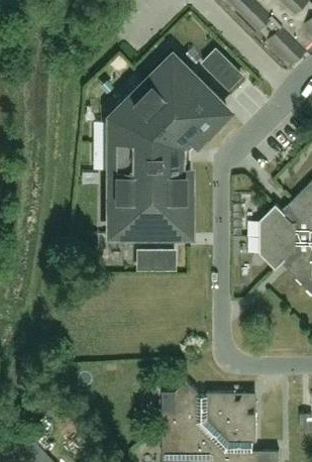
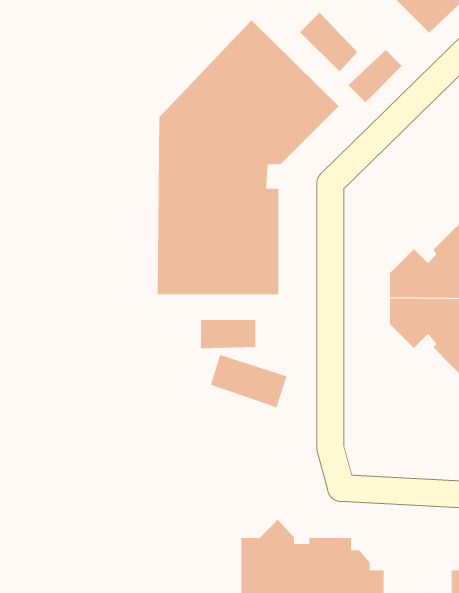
building: none -> [348,49,403,103]
building: none -> [210,354,287,408]

